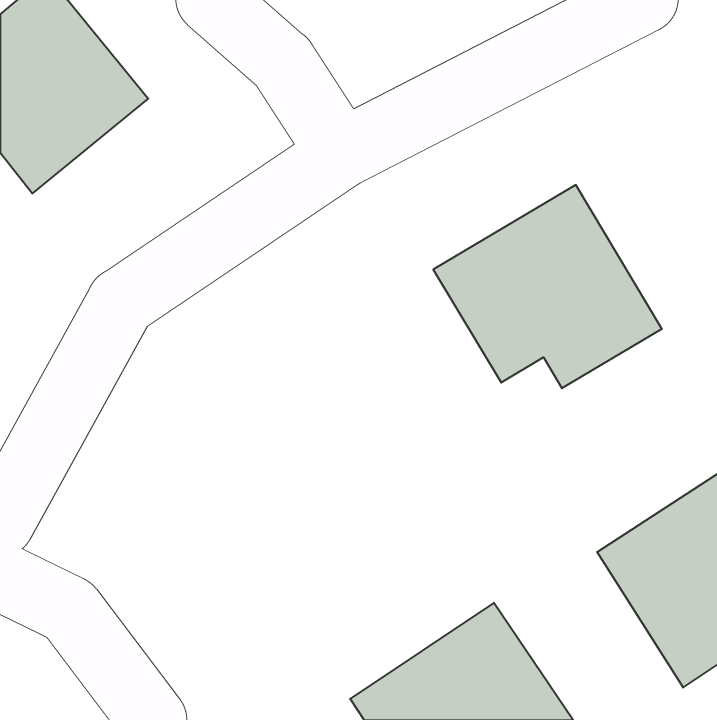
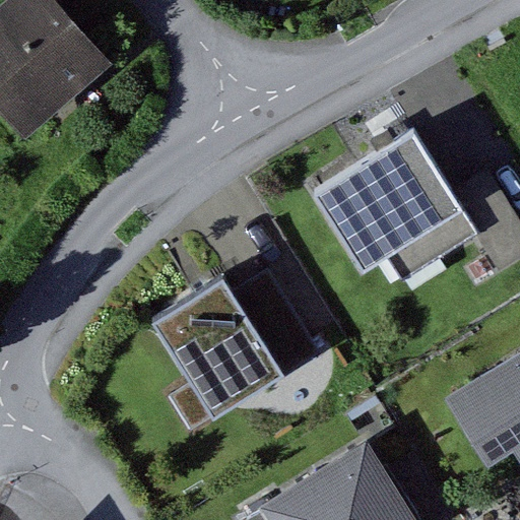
building: none -> [152,273,320,430]

